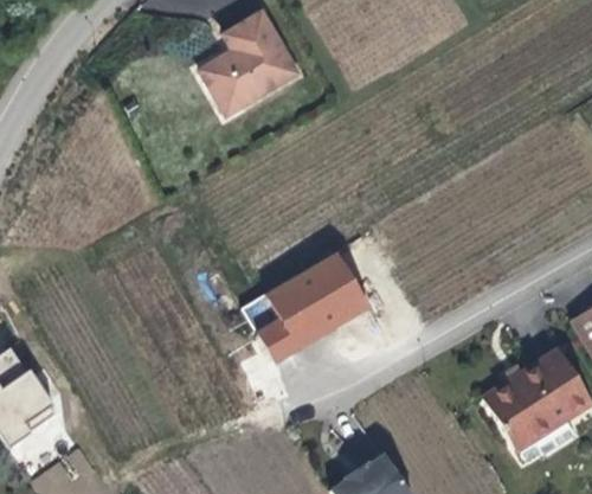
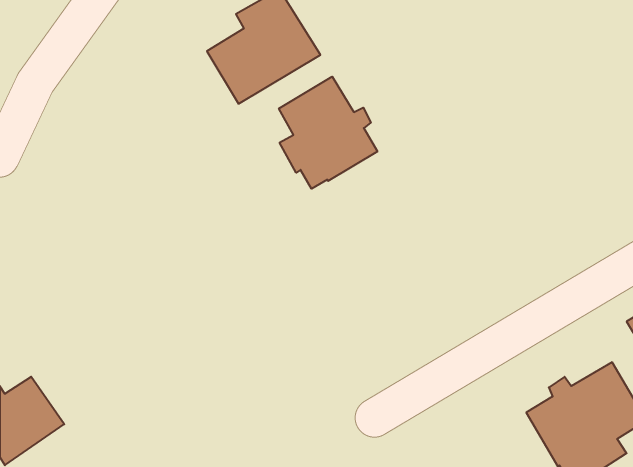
building: none -> [279,77,377,189]
building: [252,245,384,359] -> none

